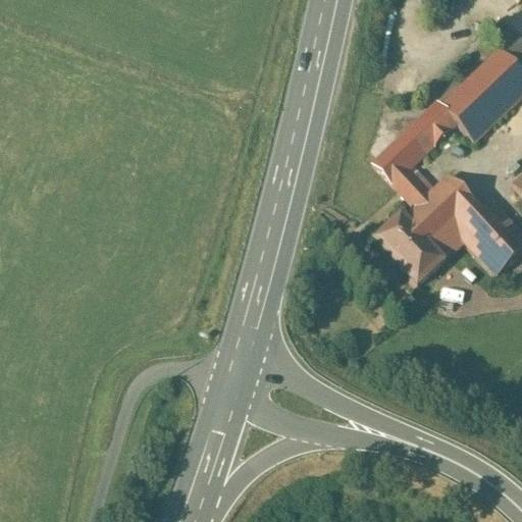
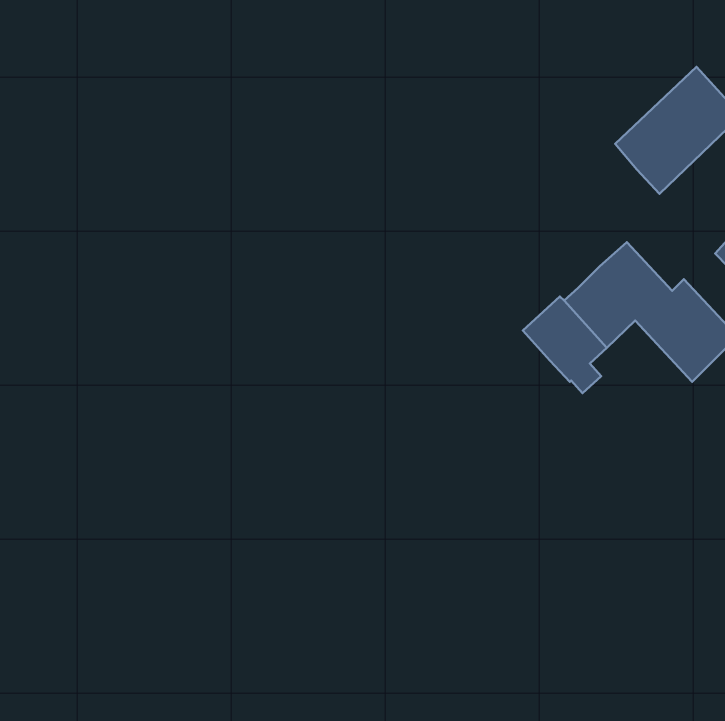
building: [373,99,458,206] -> none

